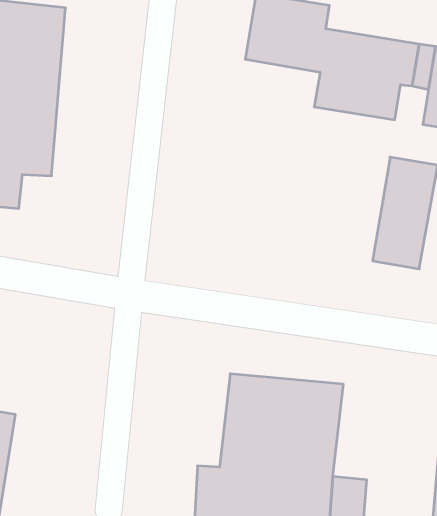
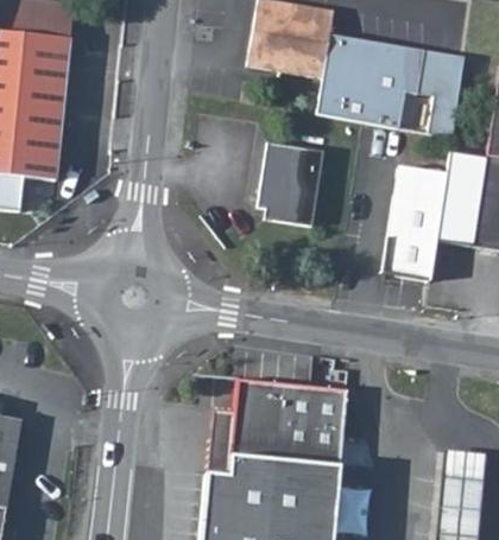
building: none -> [257,141,323,227]

